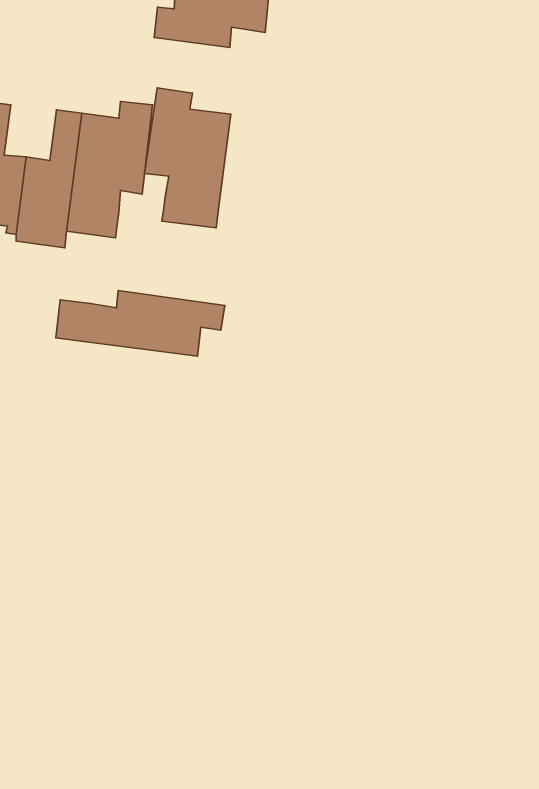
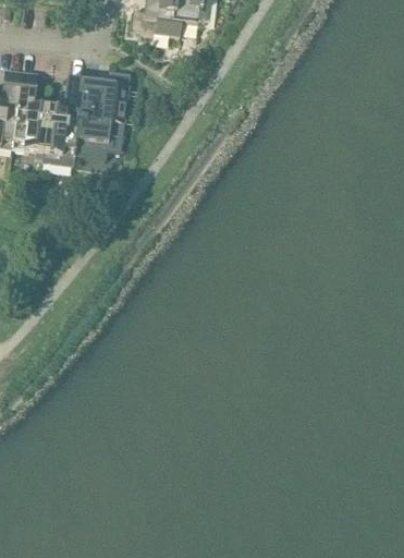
building: [145,88,231,228] -> none
building: [56,291,225,356] -> none

